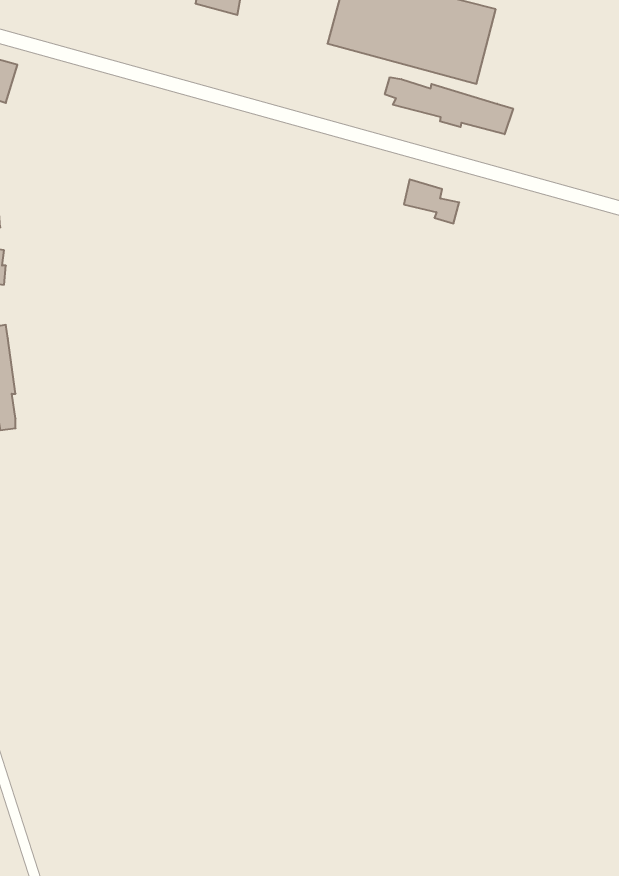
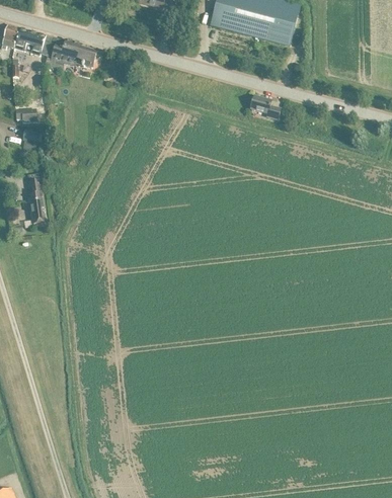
building: none -> [49,40,94,70]
building: [385,77,513,134] -> none

